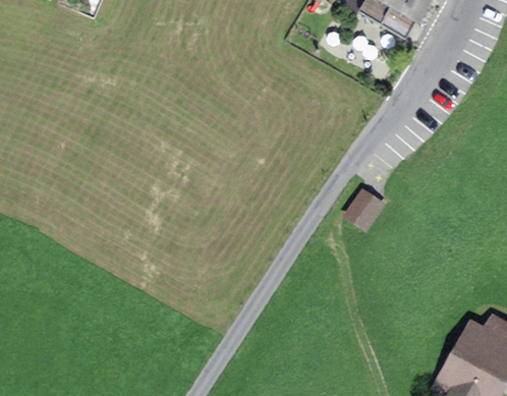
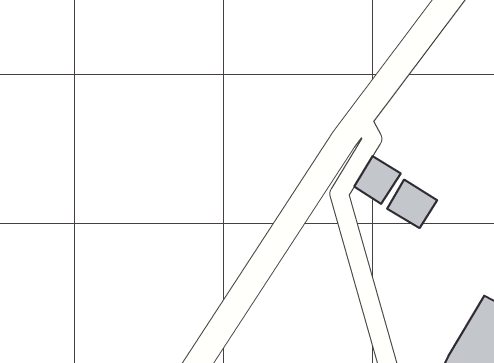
building: none -> [387,180,437,228]

